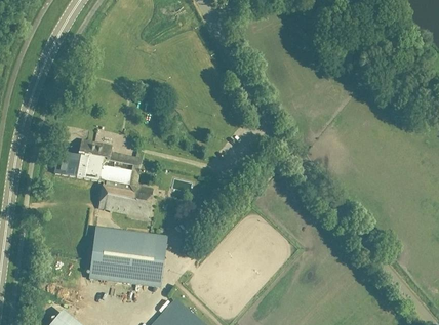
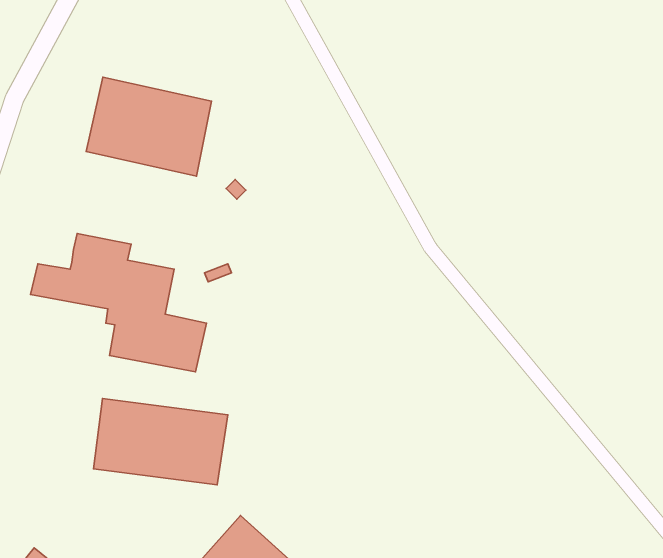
building: none -> [86,77,212,176]

